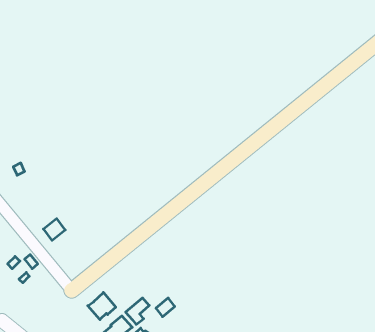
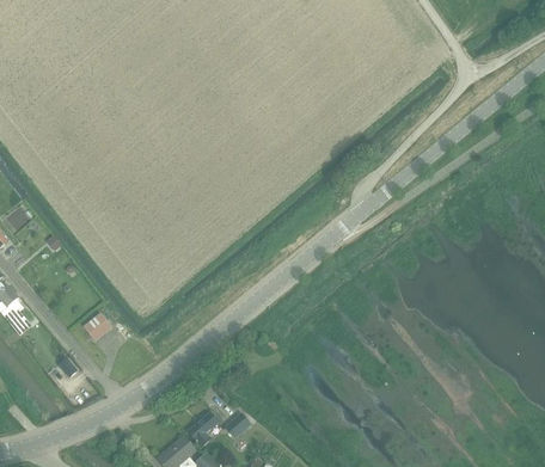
building: [88,292,116,320] -> none

